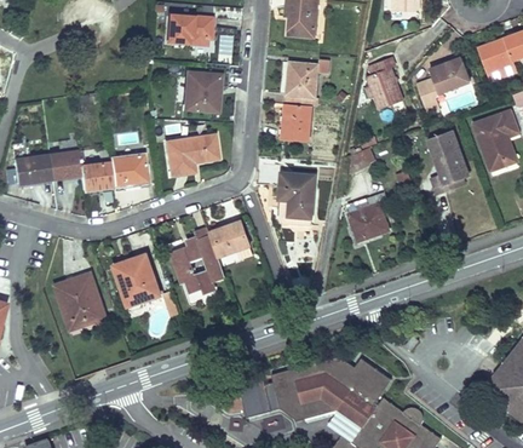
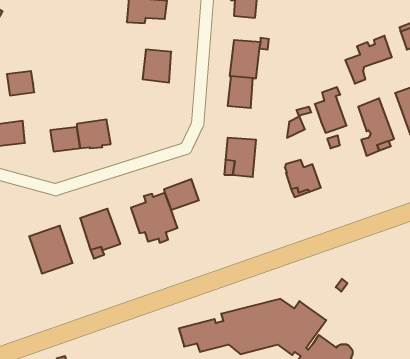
building: [367,57,403,109] -> [315,87,347,133]
building: [166,134,218,174] -> none
building: [50,150,81,178] -> [7,71,34,95]

